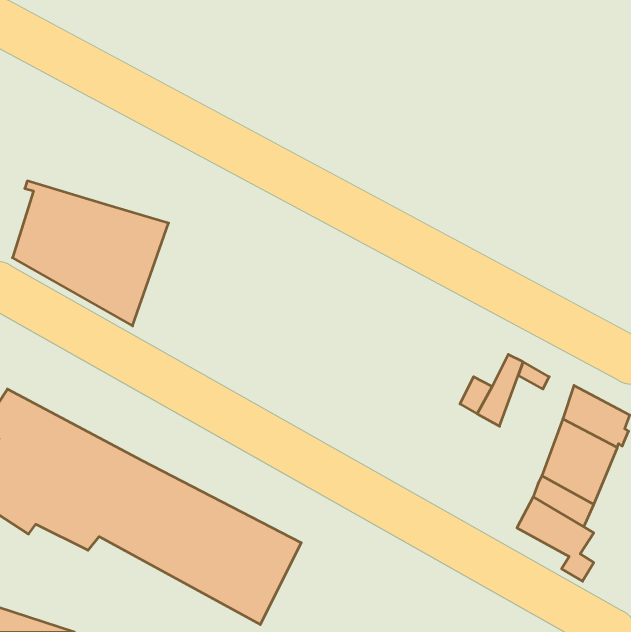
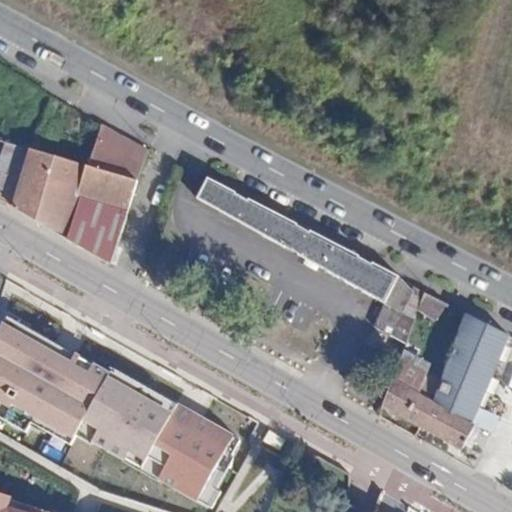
building: none -> [85,125,146,180]
building: none -> [197,178,395,296]
building: none -> [380,354,434,426]

